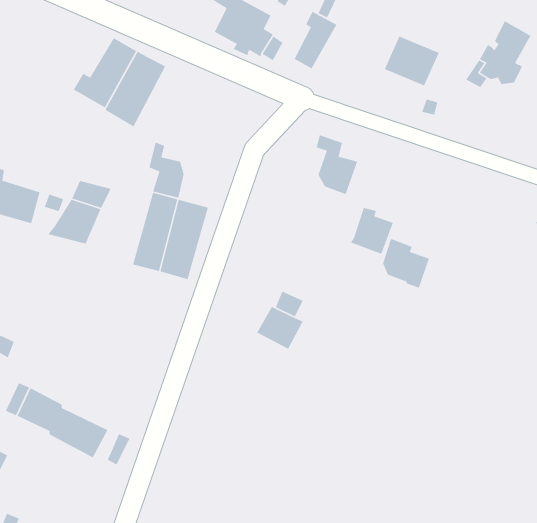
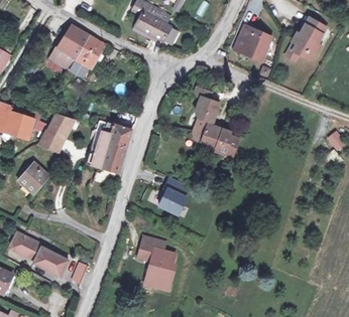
building: [293,11,337,70] -> none
building: [149,142,185,199] -> none
building: [382,238,430,289] -> [194,117,222,147]
building: none -> [16,162,46,193]
building: none -> [140,236,178,290]

